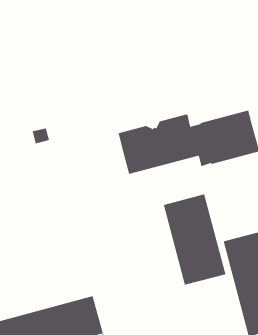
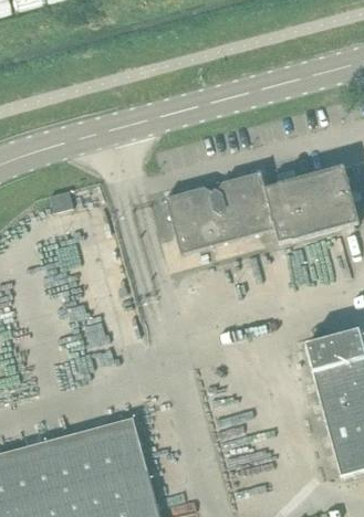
building: [163,193,226,285] -> none

